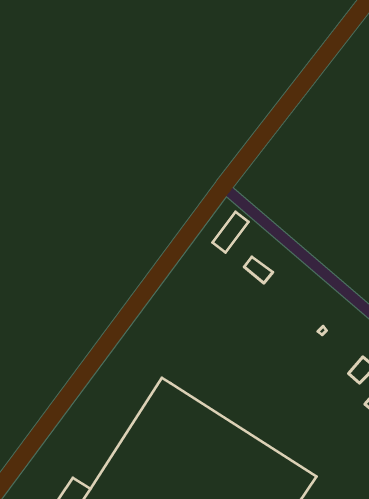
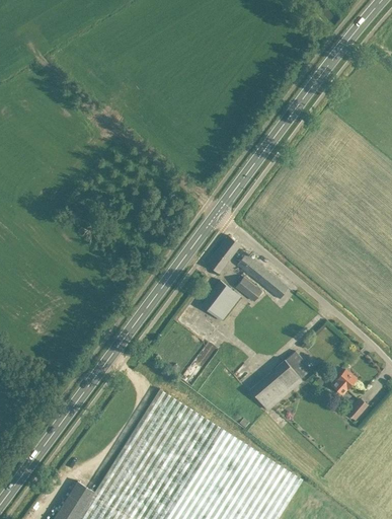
building: none -> [237,254,289,300]
building: none -> [202,282,241,321]
building: none -> [250,353,311,411]

